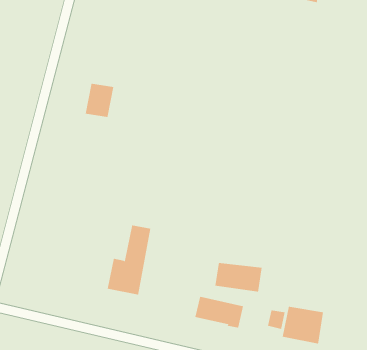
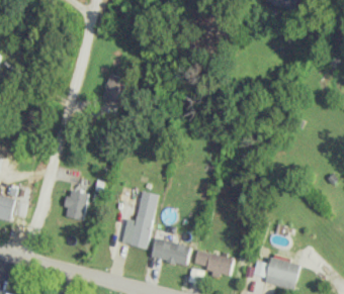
building: none -> [65,190,89,220]
building: [214,262,262,292] -> [152,239,191,264]

